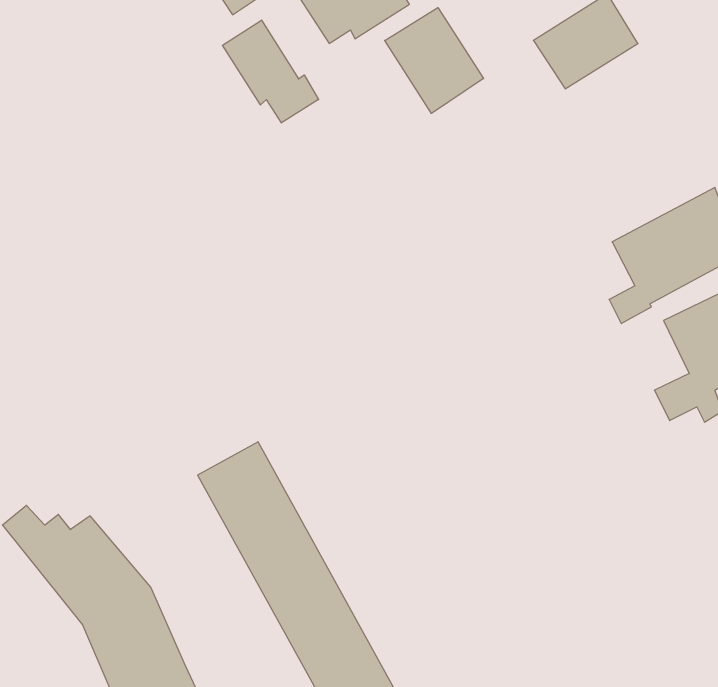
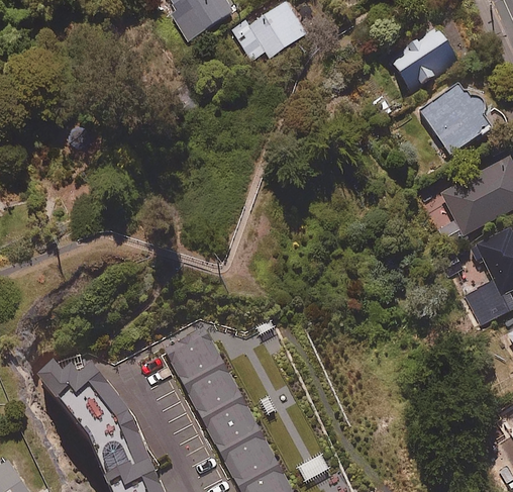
building: [385,8,484,113] -> none
building: [222,20,319,123] -> none
building: none -> [421,88,492,156]

